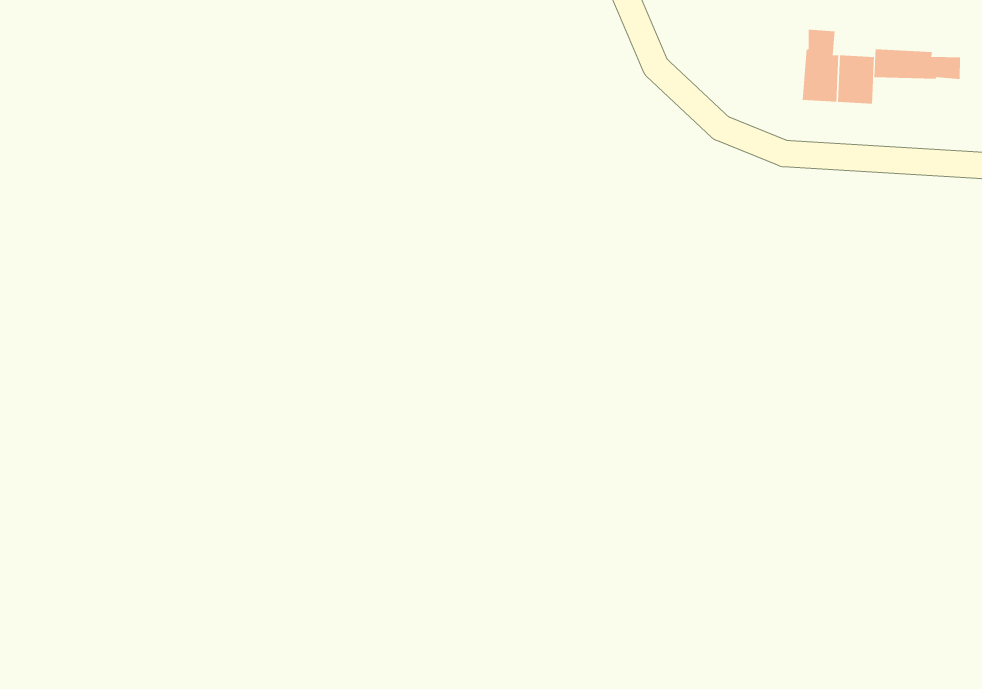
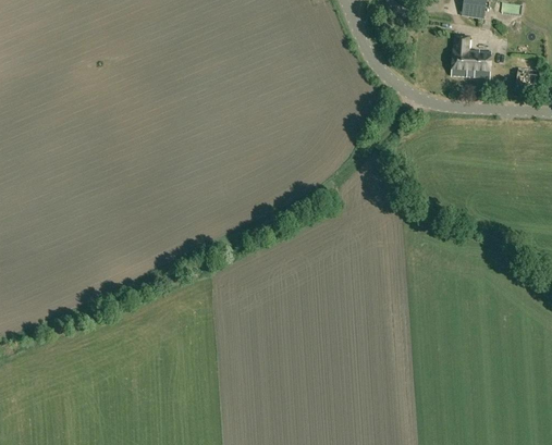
building: [874,49,961,80] -> none

